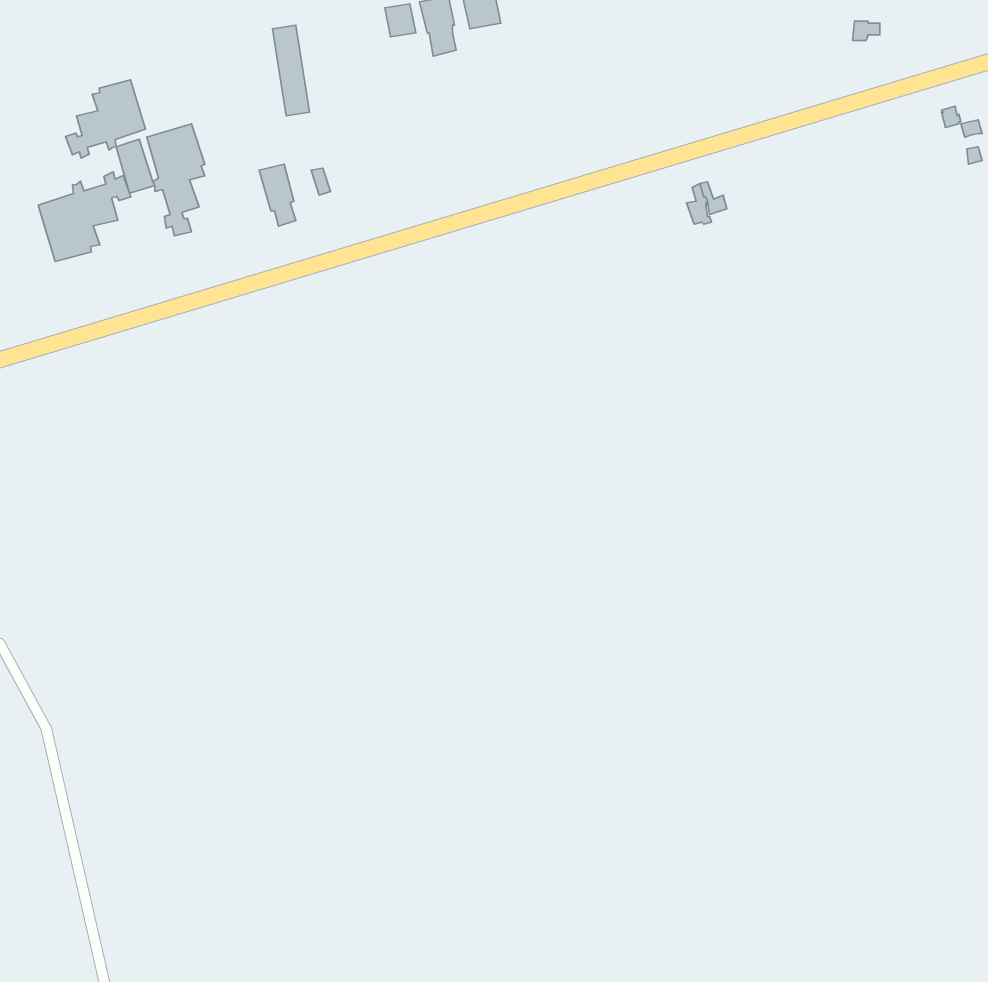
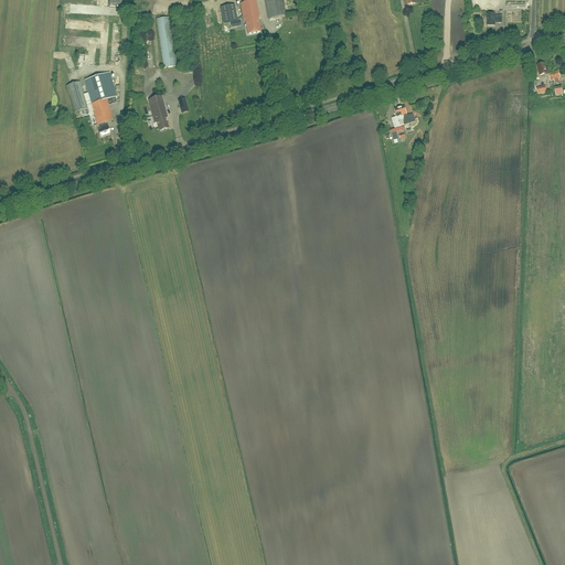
building: [66,80,146,158] -> none
building: [38,172,131,261] -> none

